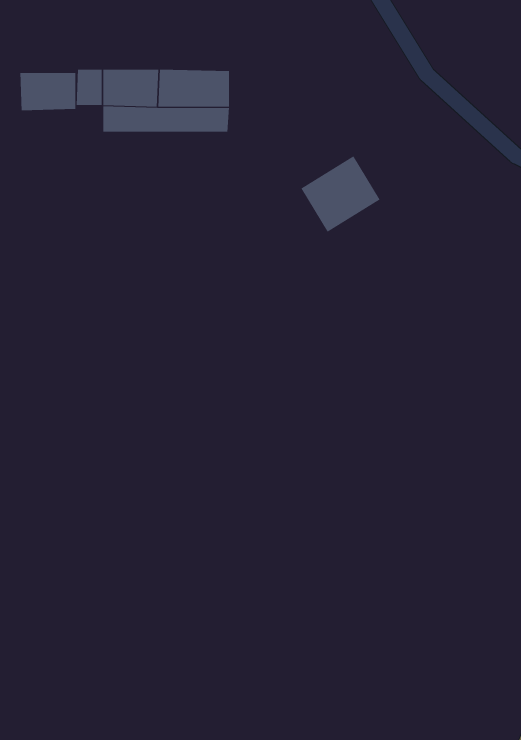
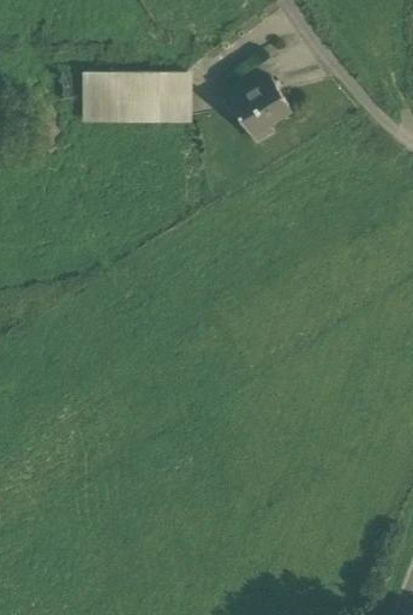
building: [20,72,76,111] -> none
building: [300,156,381,233] -> [229,77,291,136]

